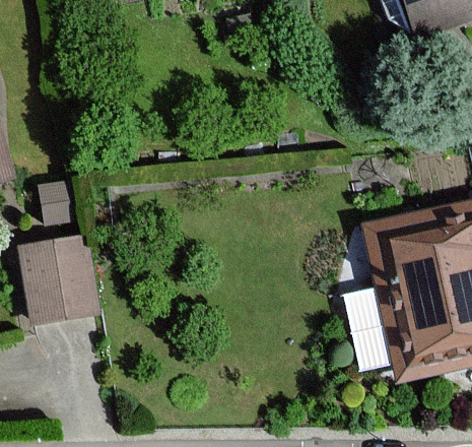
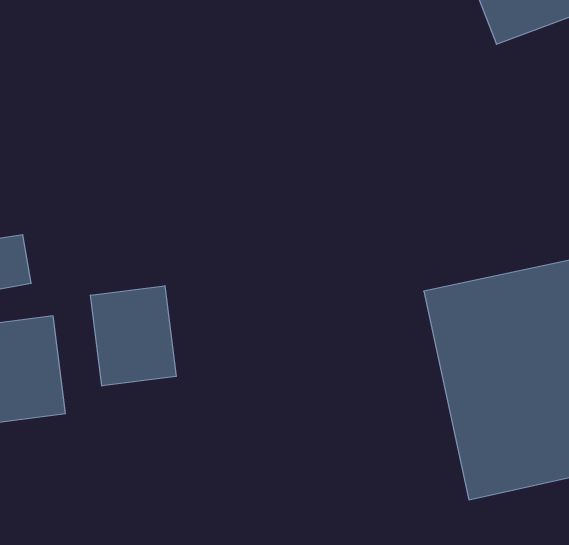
building: none -> [91,286,176,386]

